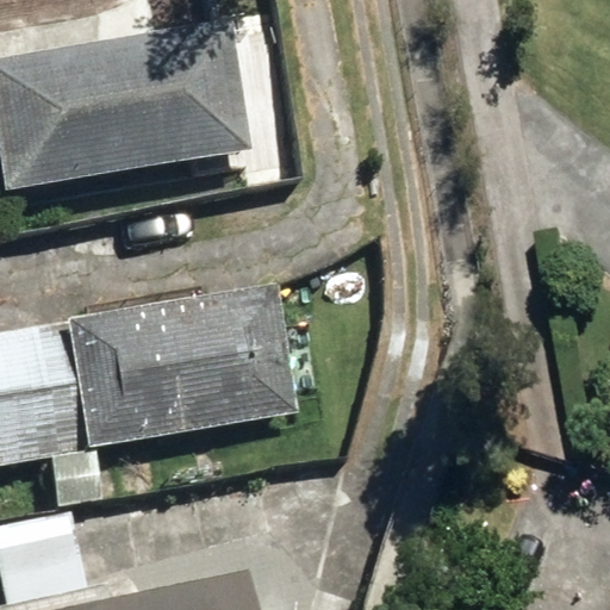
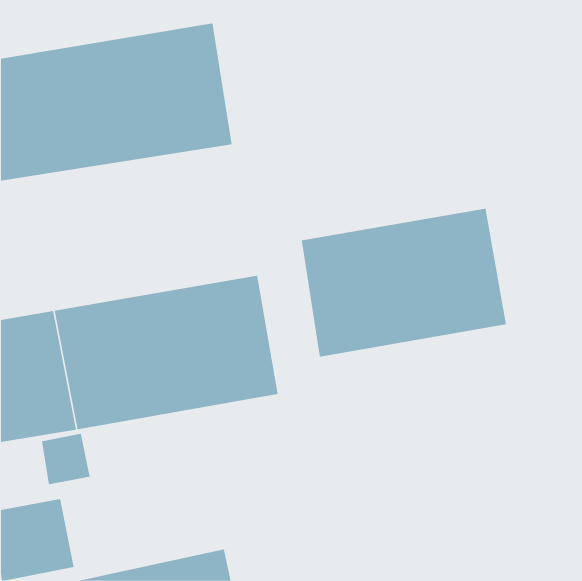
building: none -> [301,208,506,358]

